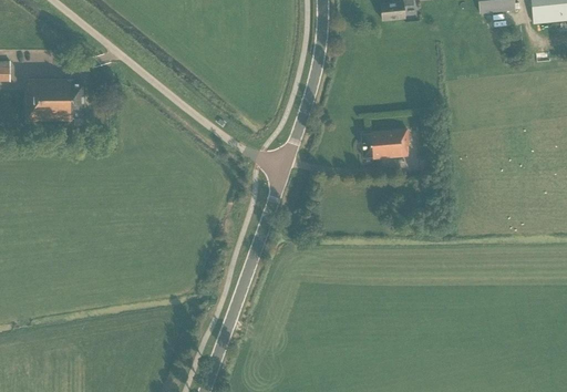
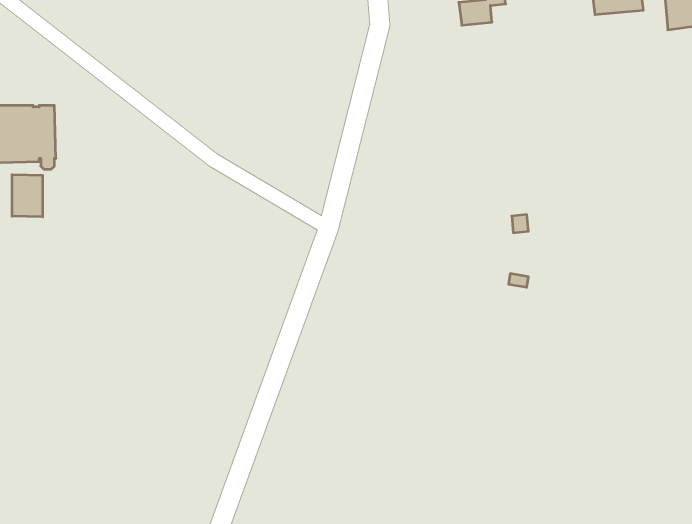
building: [361,128,409,158] -> none
building: none -> [12,175,43,217]

